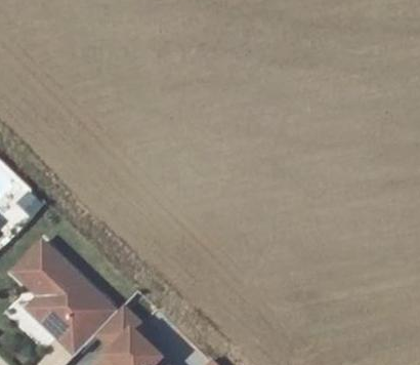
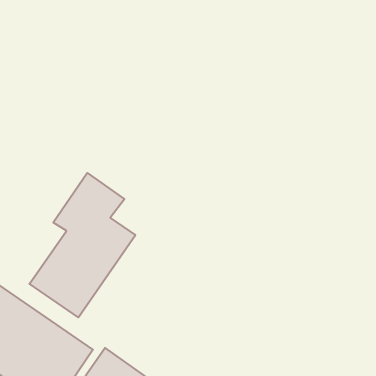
building: none -> [29,173,135,317]

